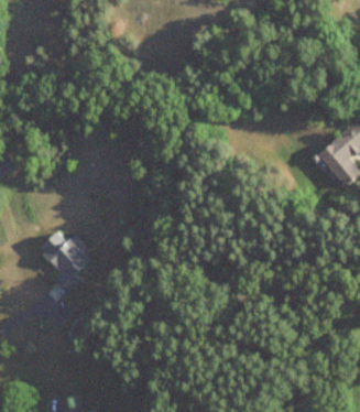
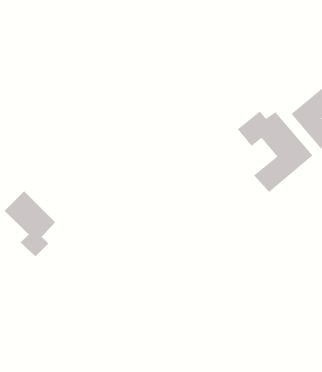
building: none -> [237,111,314,193]

